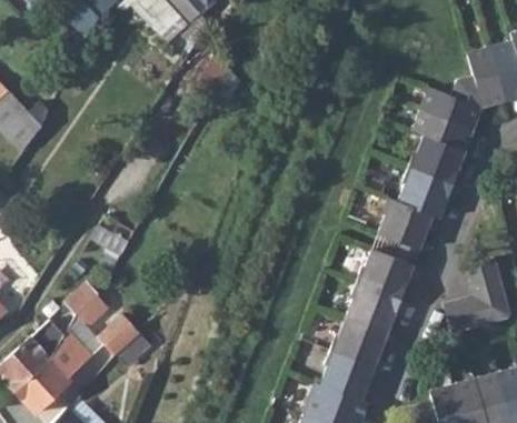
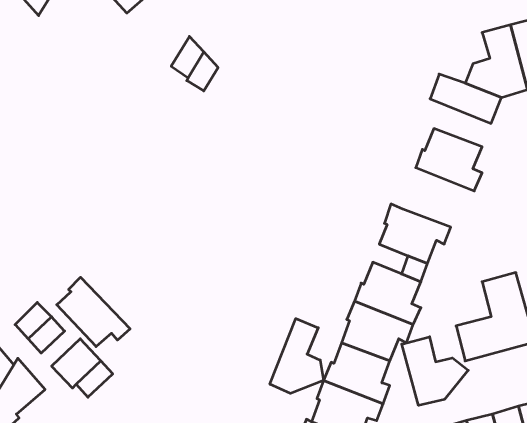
building: [412,109,474,150] -> none
building: [398,168,459,219] -> none
building: none -> [57,277,130,347]
building: none -> [270,319,323,393]
building: none -> [402,337,468,405]

